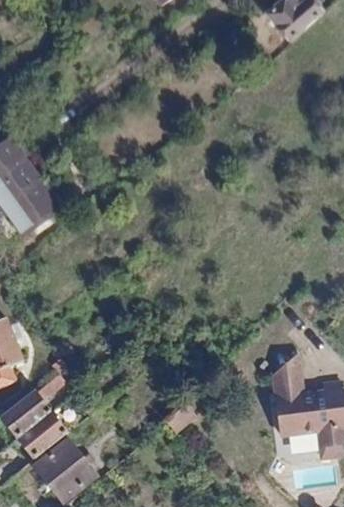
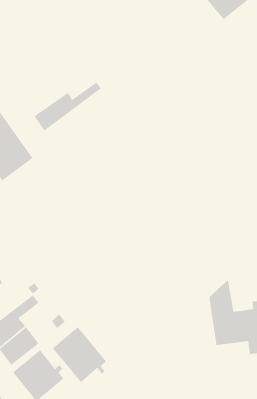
building: none -> [33,81,102,131]
building: none -> [52,326,107,383]

